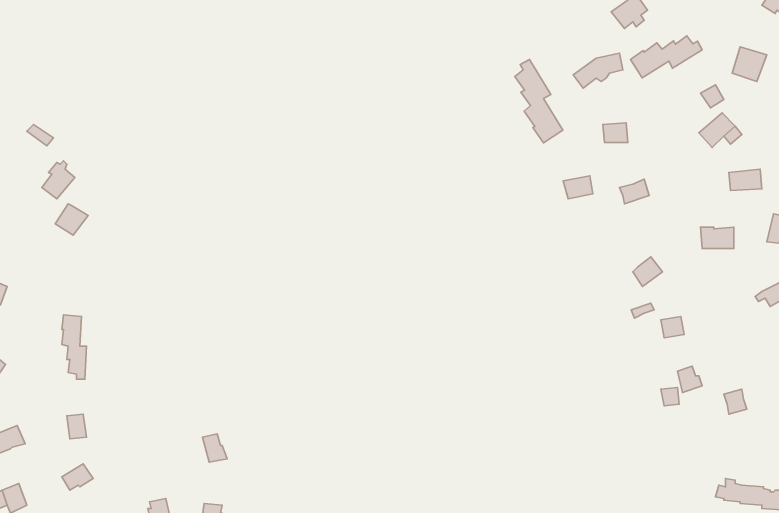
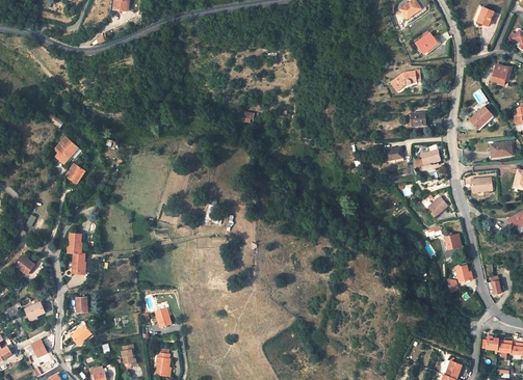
building: [630,36,702,78] -> none
building: [515,59,563,143] -> none

